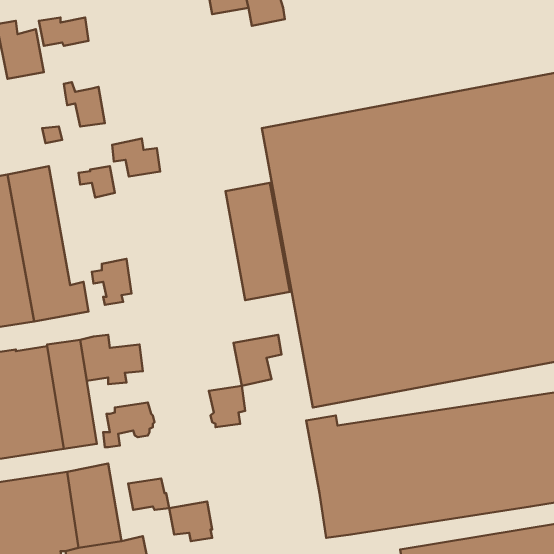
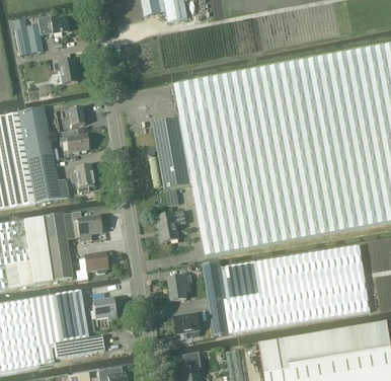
building: [112,138,160,176] -> [59,129,88,152]
building: [209,386,245,427] -> [168,275,190,300]
building: [169,502,212,541] -> [174,312,201,336]

